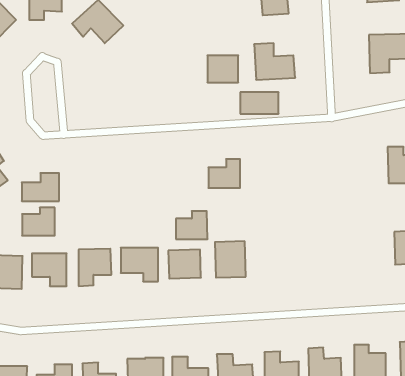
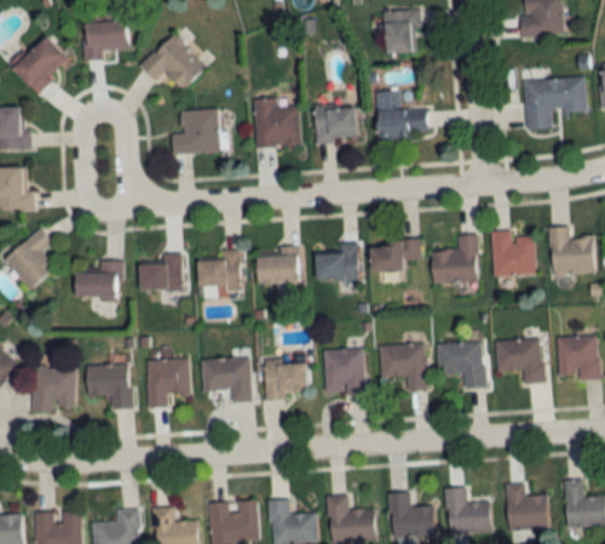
building: none -> [255,99,300,148]
building: none -> [172,110,219,153]
building: [240,92,279,114] -> [371,240,421,268]
building: none -> [492,230,536,275]
building: none -> [433,233,478,281]
building: none -> [198,248,241,290]
building: [22,208,55,236] -> [140,253,183,290]
building: [176,211,208,239] -> [259,245,300,281]
building: none -> [497,337,544,382]
building: none -> [438,340,485,386]
building: none -> [381,343,427,389]

